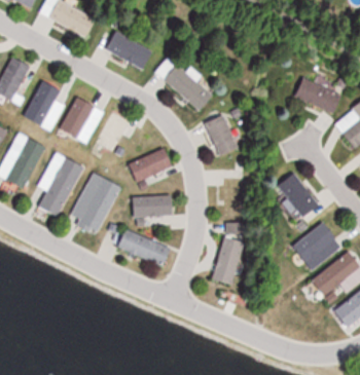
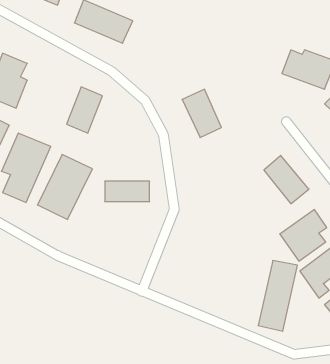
building: [154,55,213,114] -> none
building: [58,97,103,144] -> none
building: [128,149,173,183] -> none
building: [212,222,248,287] -> [258,261,297,331]
building: [116,230,171,266] -> none

